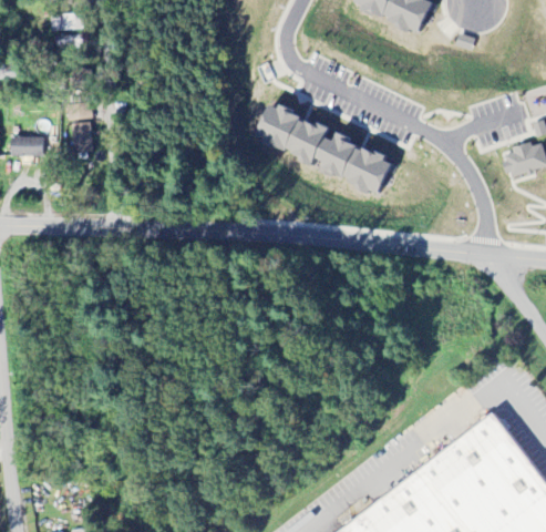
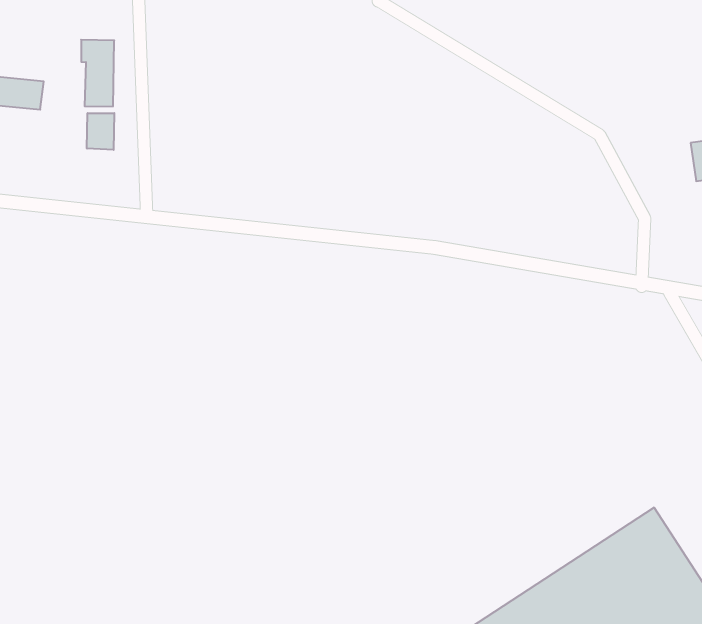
building: [255,105,391,197] -> none
building: none -> [87,113,114,150]

